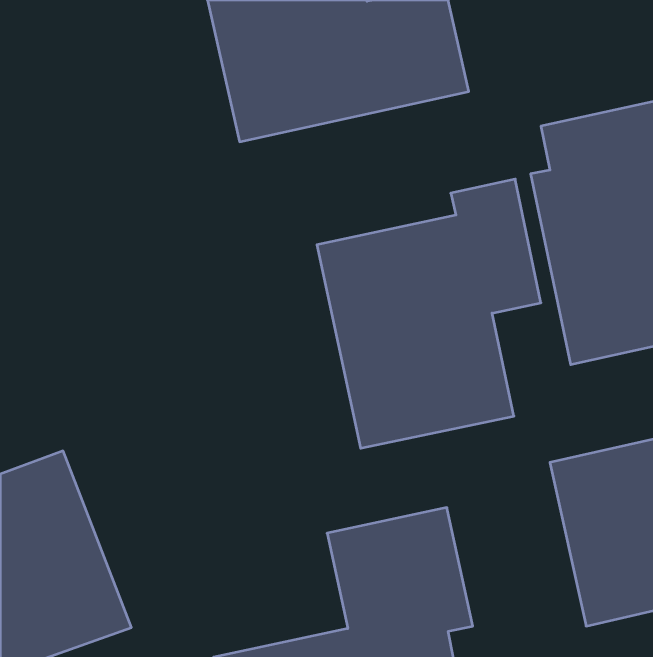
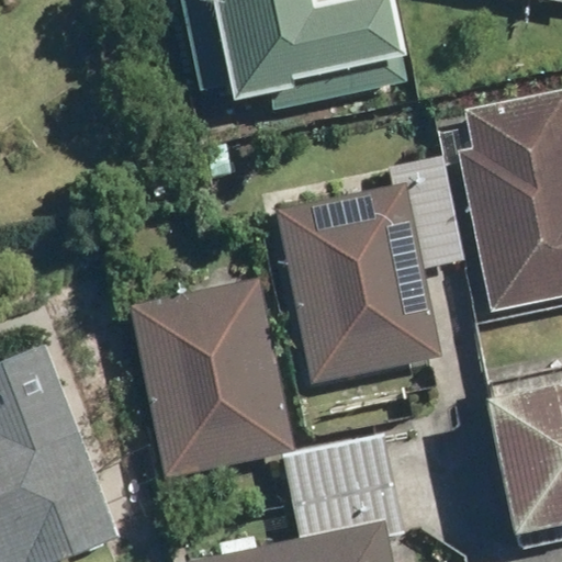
building: none -> [128,274,296,475]

